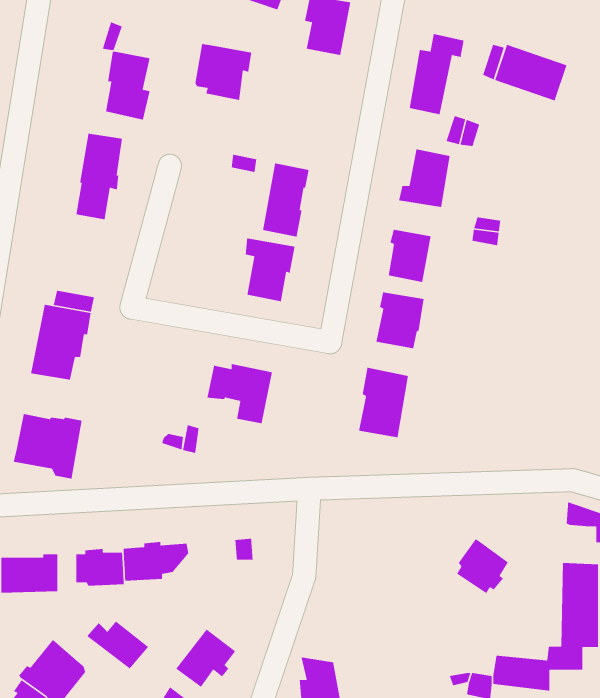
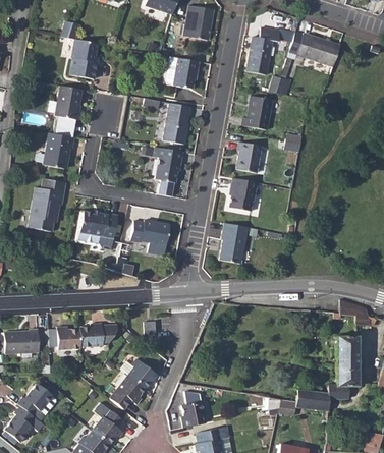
building: [195,43,252,101] -> [165,56,199,90]
building: none -> [42,132,72,168]
building: [13,413,83,480] -> [75,211,116,249]
building: [456,538,509,594] -> none
building: [86,621,149,669] -> [121,359,158,388]

